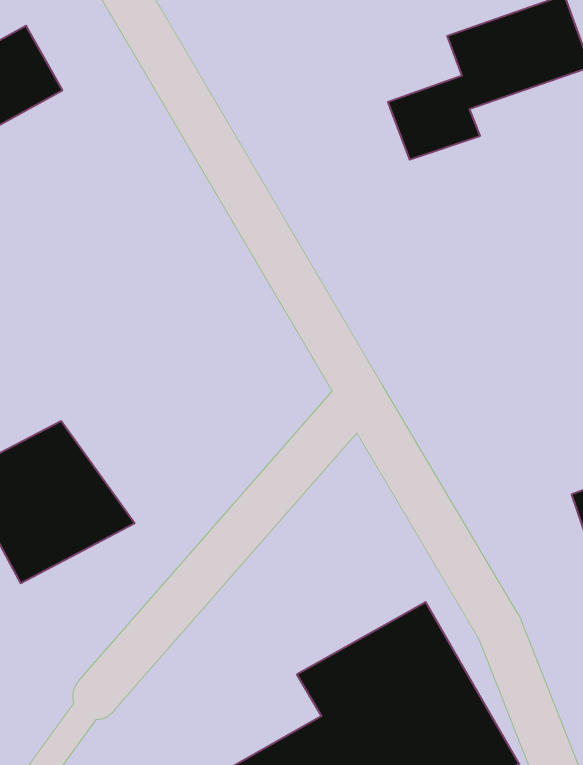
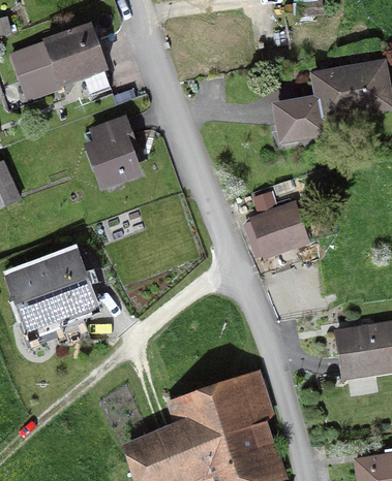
building: none -> [91,119,140,185]
building: none -> [249,203,307,256]

